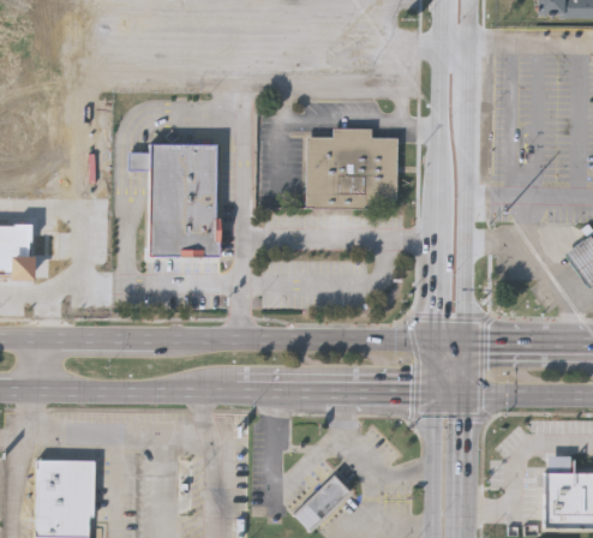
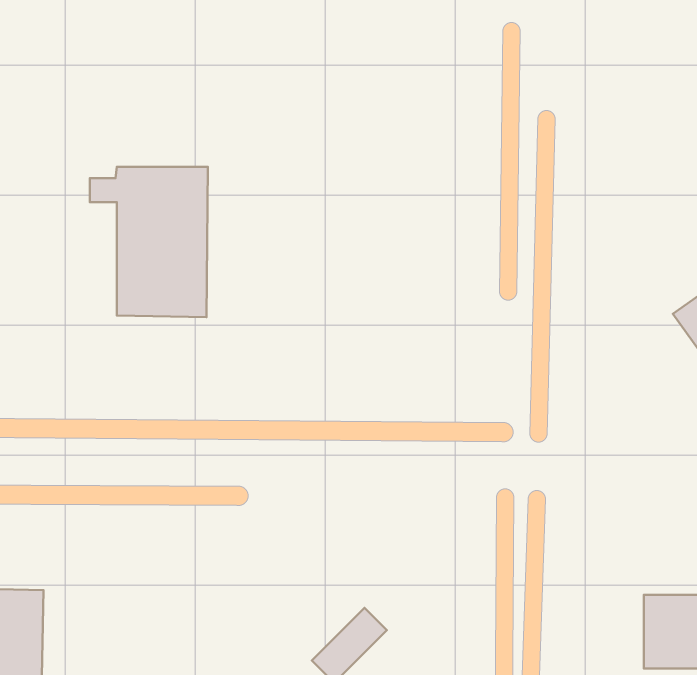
building: [306,127,397,207] -> none

